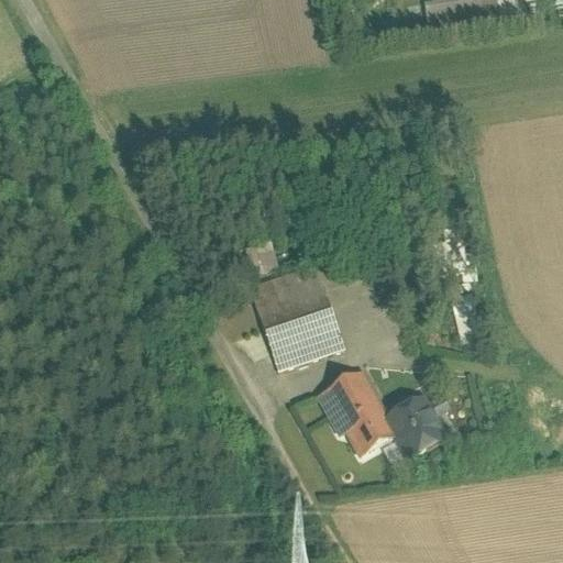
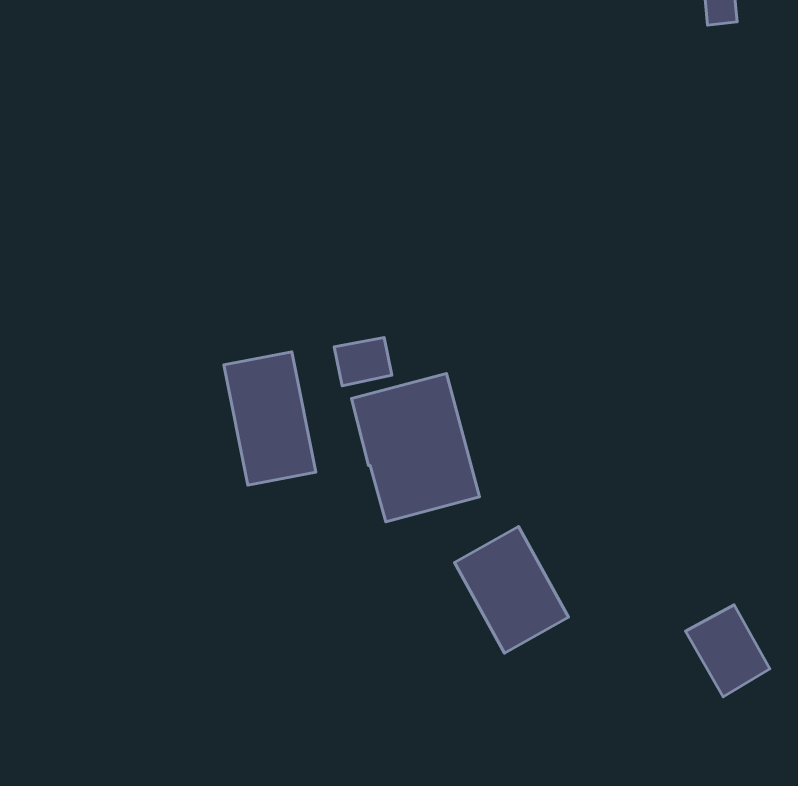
building: none -> [224,352,316,485]
building: [395,397,454,462] -> [686,605,770,697]

